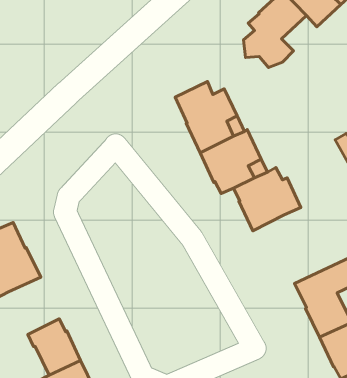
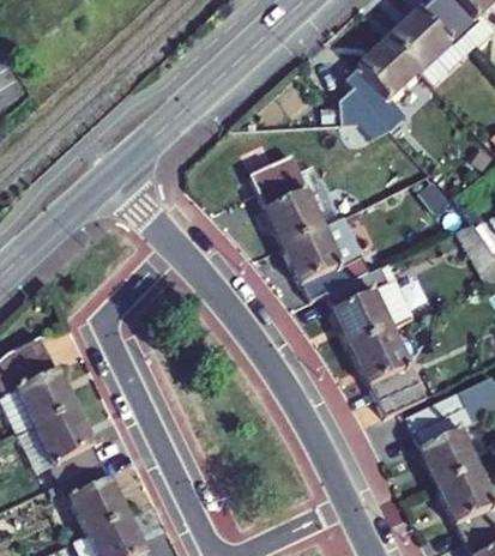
building: none -> [351,327,427,416]
building: none -> [35,407,101,482]

